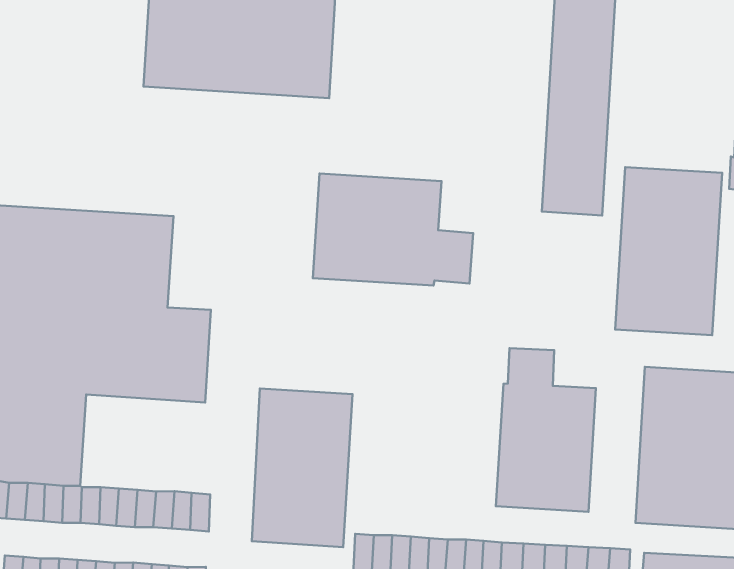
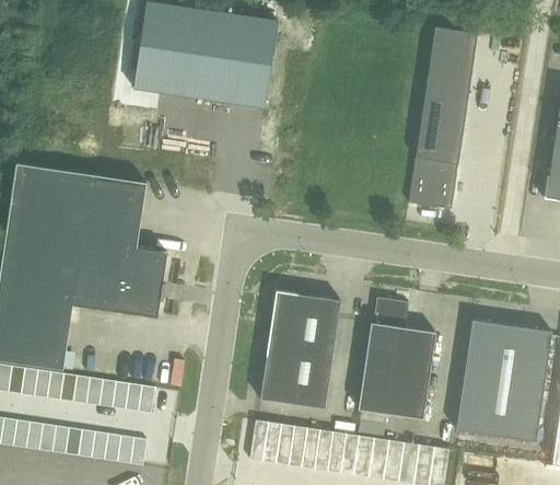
building: [615,167,722,335] -> none
building: [313,174,473,286] -> none
building: [252,388,353,547] -> [260,290,341,408]

